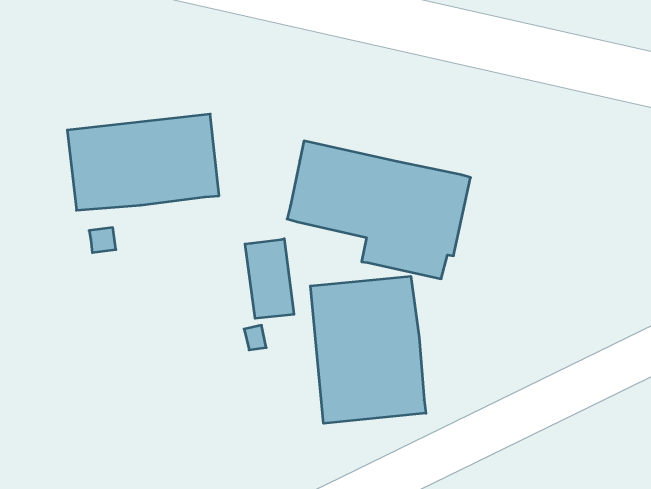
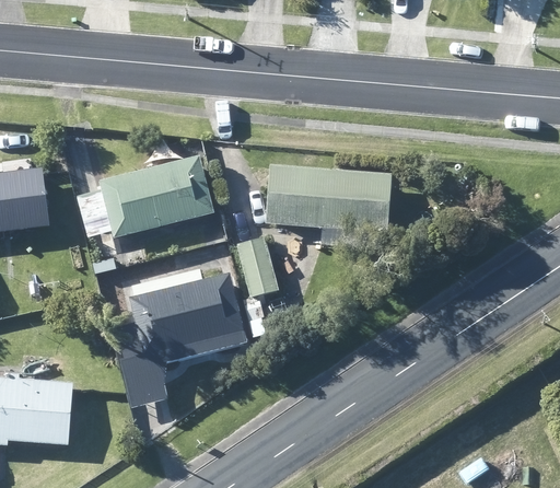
building: [310,276,426,423] -> none
building: none -> [116,271,246,405]

